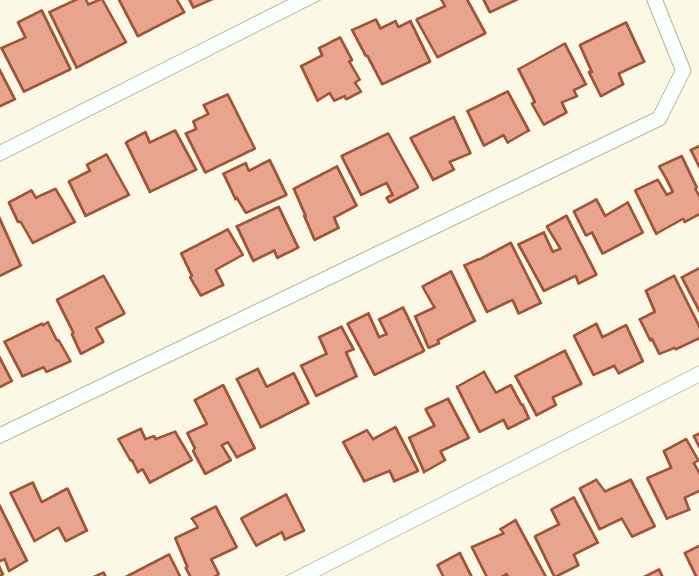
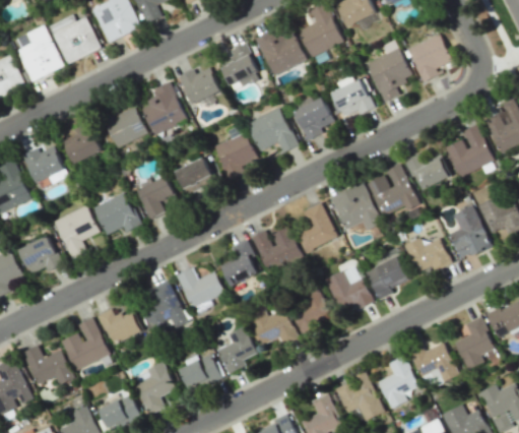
building: [223,160,286,213] -> [178,68,220,104]
building: none -> [92,193,141,235]
building: none -> [61,318,110,371]
building: none -> [216,326,257,374]

